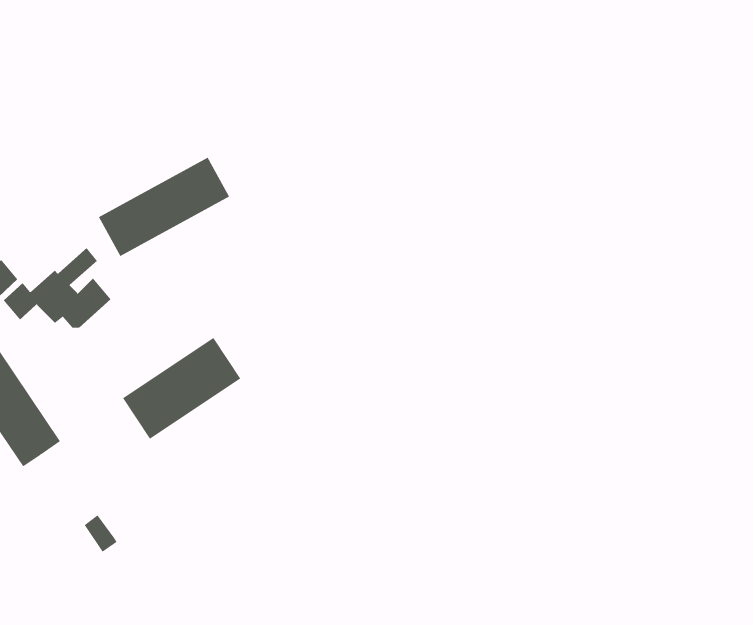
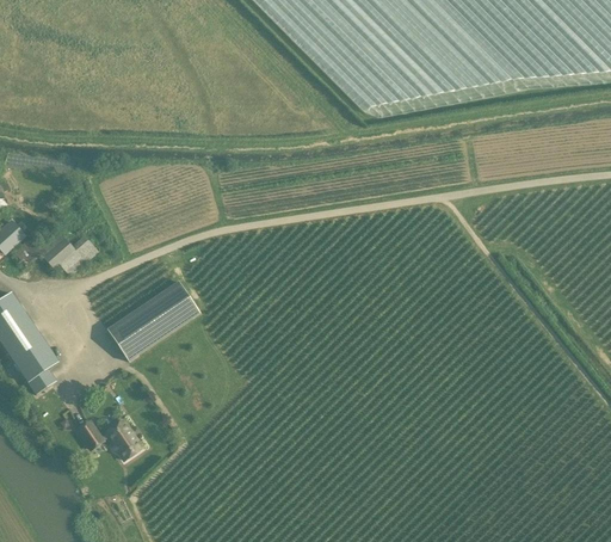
building: [98,157,230,257] -> none
building: none -> [100,418,143,461]

